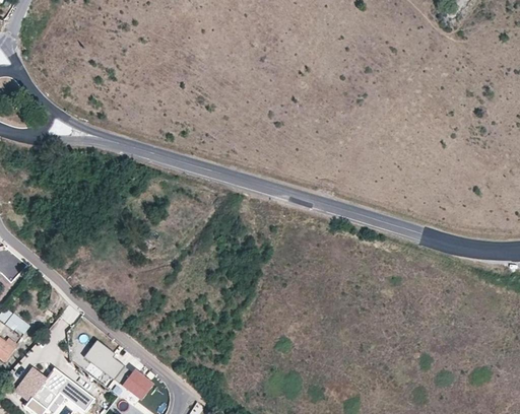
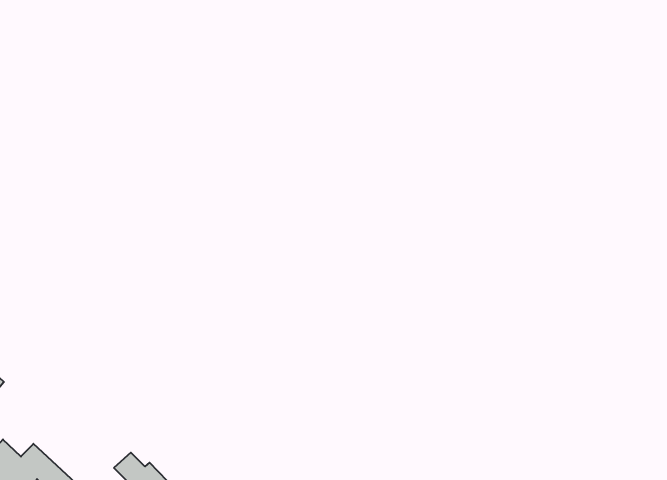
building: [86,340,127,382] -> none

